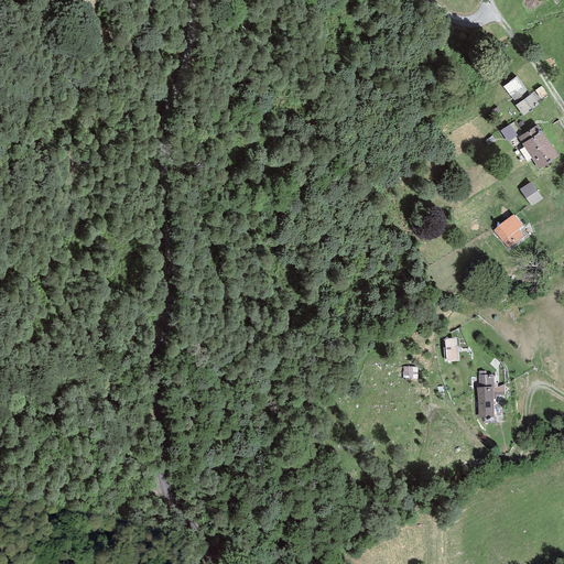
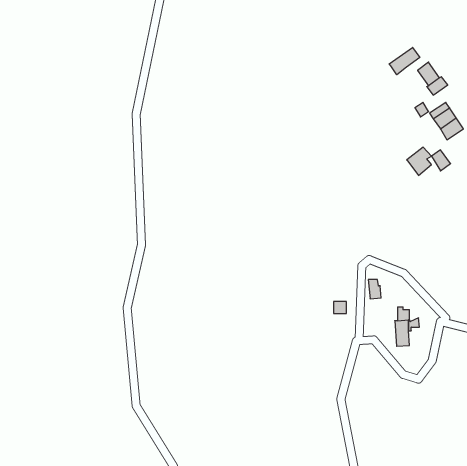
building: none -> [389,47,420,75]
building: [494,214,523,248] -> [407,147,431,175]

